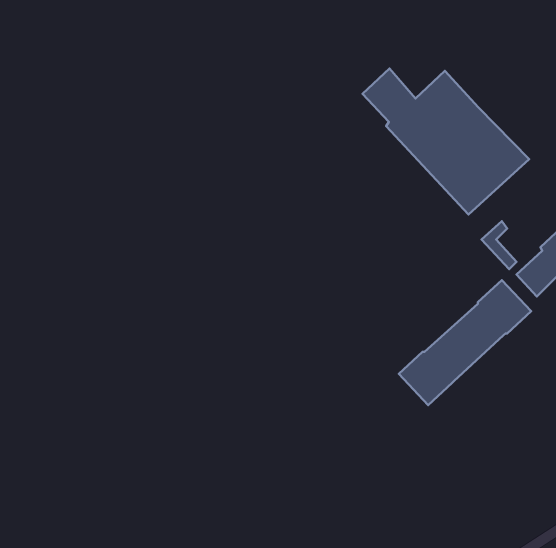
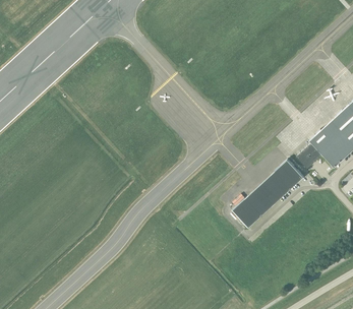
building: [363,68,529,214] -> none

